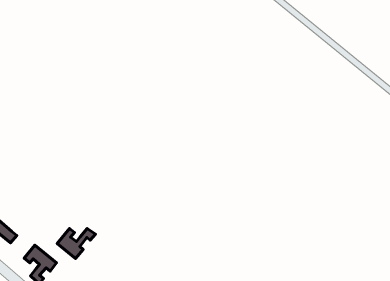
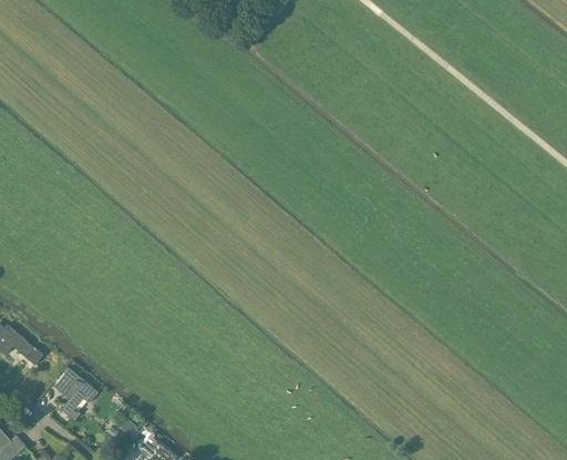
building: [57,228,96,259] -> none

